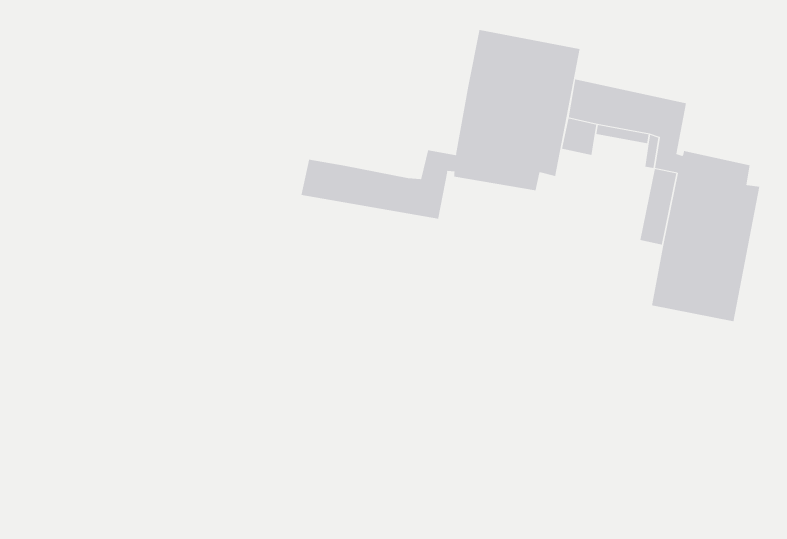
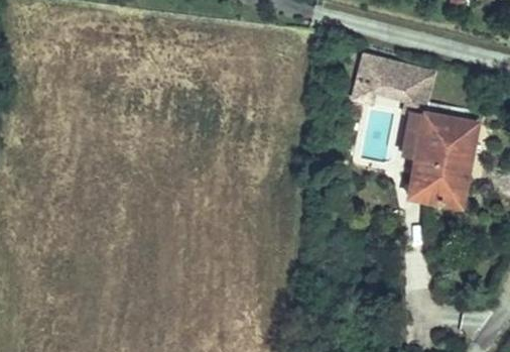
building: [301,29,580,220] -> none

